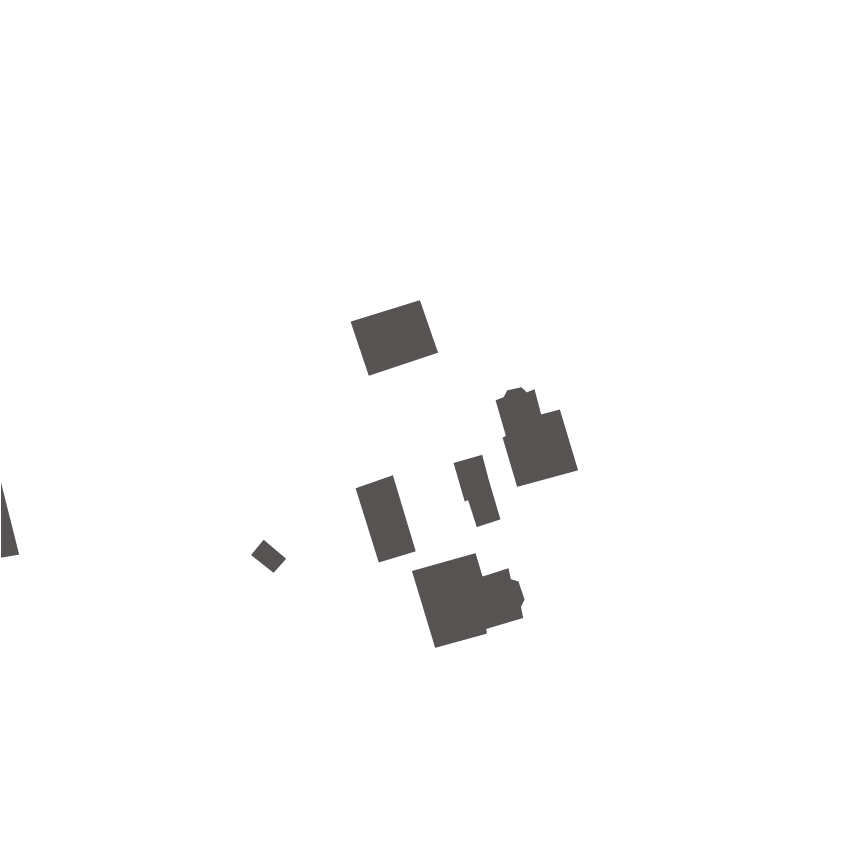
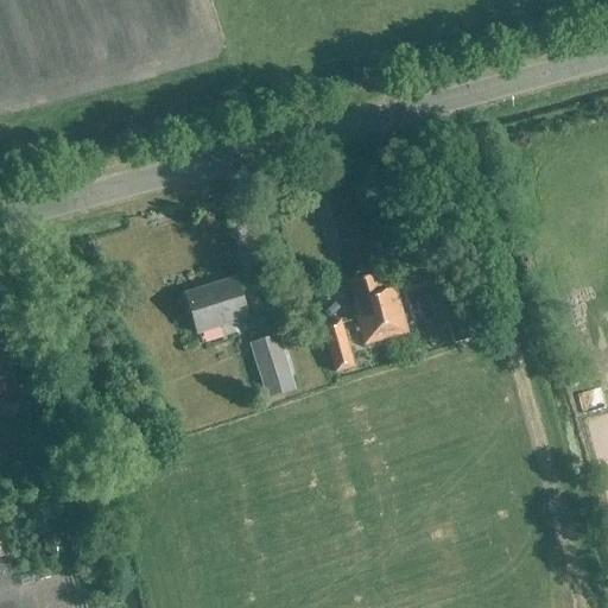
building: [350,299,439,377] -> [185,278,248,332]
building: [411,552,526,649] -> none

